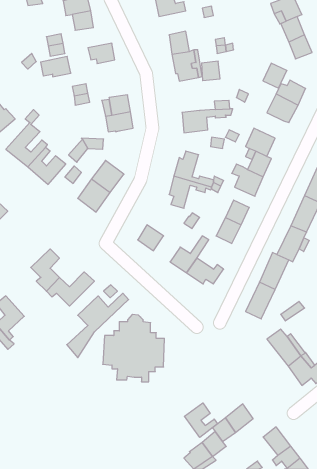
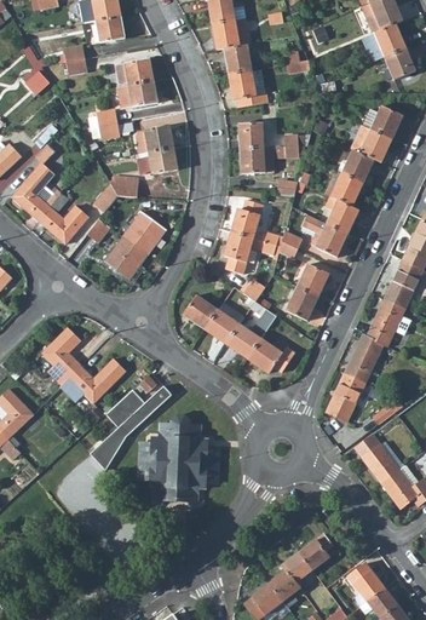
building: none -> [211,16,249,48]
building: [41,56,71,77] -> [117,80,157,107]
building: [202,61,220,81] -> [240,124,264,149]
building: [263,63,287,88] -> [342,150,374,183]
building: none -> [203,302,244,345]
building: [184,403,217,437] -> none

